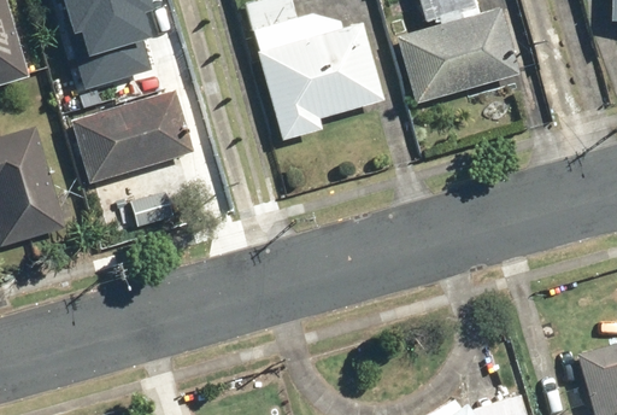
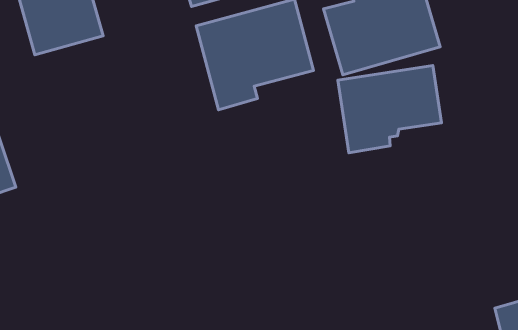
building: [65,88,194,186] -> none
building: none -> [338,66,442,153]

